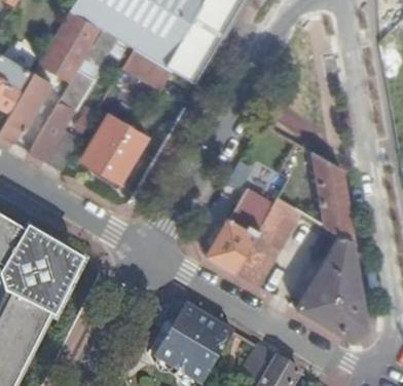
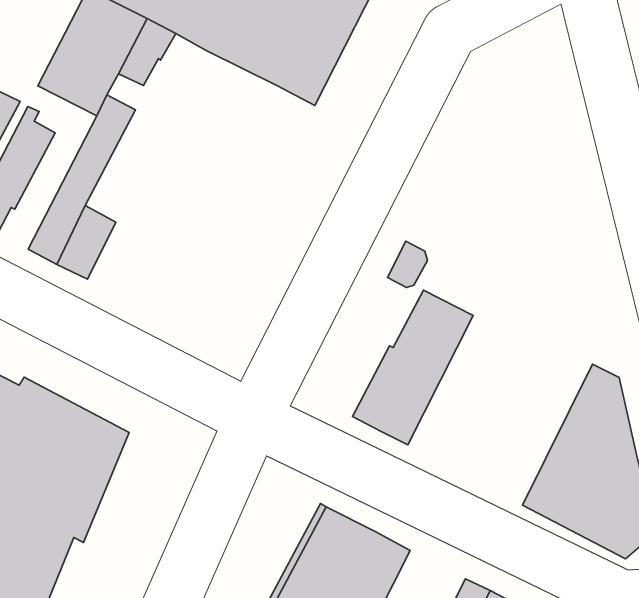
building: [123,47,173,87] -> none
building: [82,113,148,181] -> none
building: [314,152,354,241] -> none
building: [234,197,302,286] -> none

